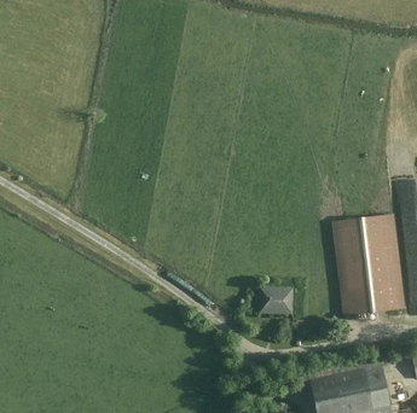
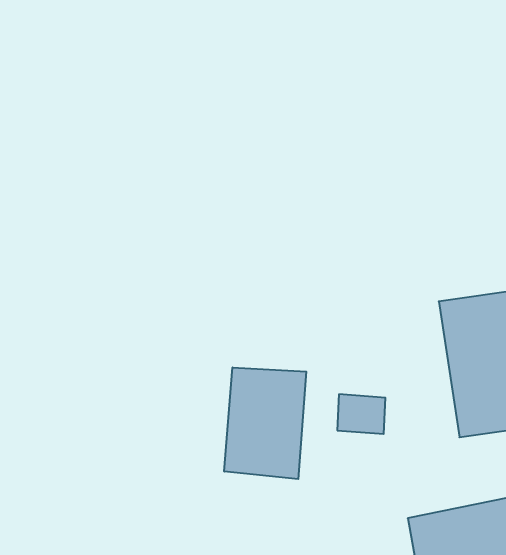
building: none -> [224,367,306,479]

